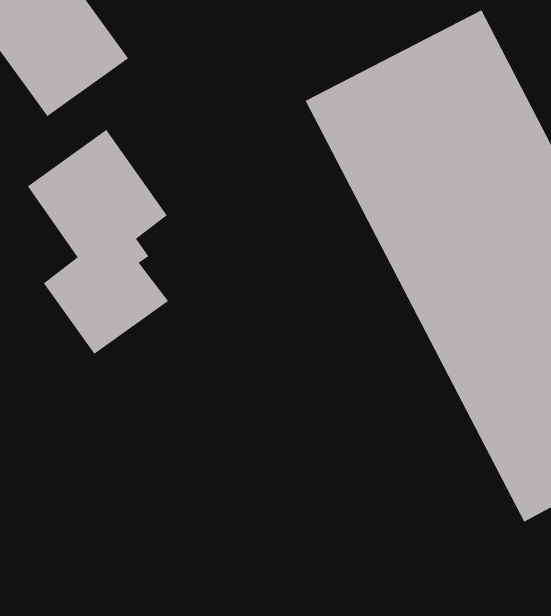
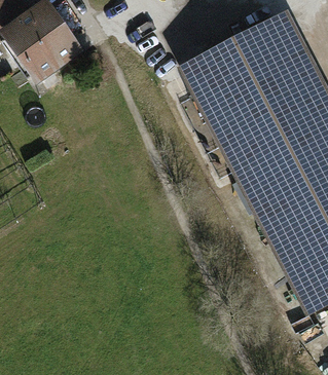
building: [27,129,169,355] -> none

